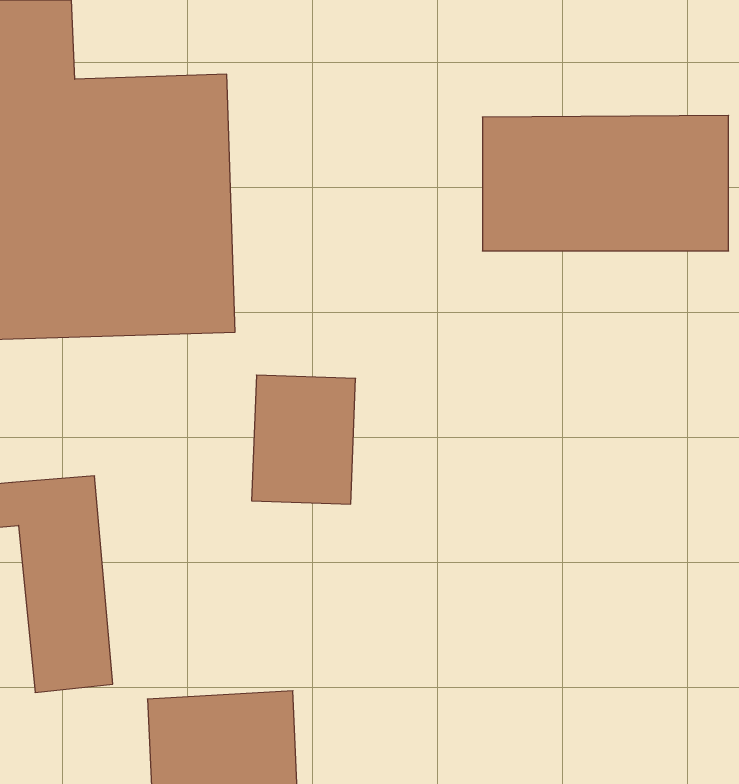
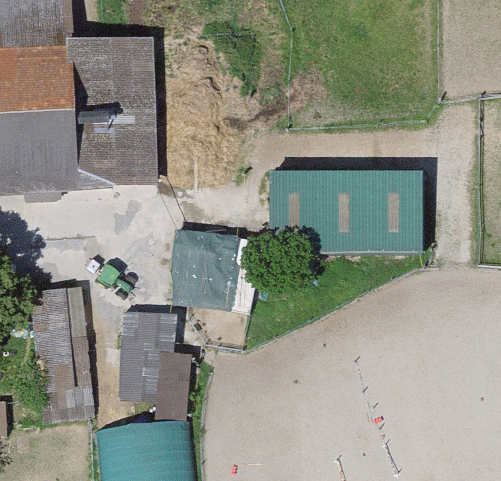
building: [482,115,729,251] -> [272,169,421,251]
building: none -> [119,310,187,417]

